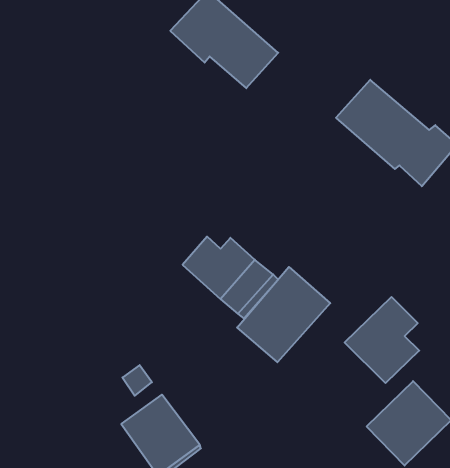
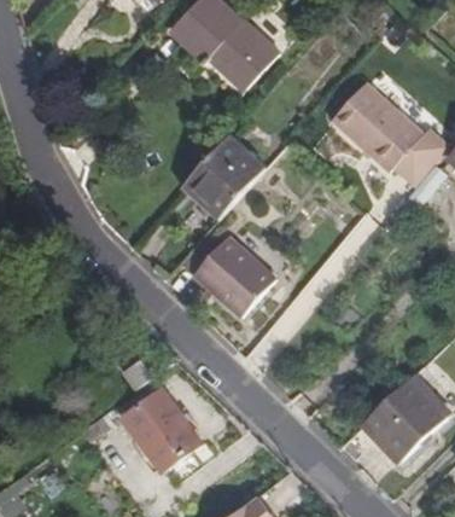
building: none -> [186,139,261,215]
building: [237,267,330,362] -> none
building: [345,297,419,383] -> none

